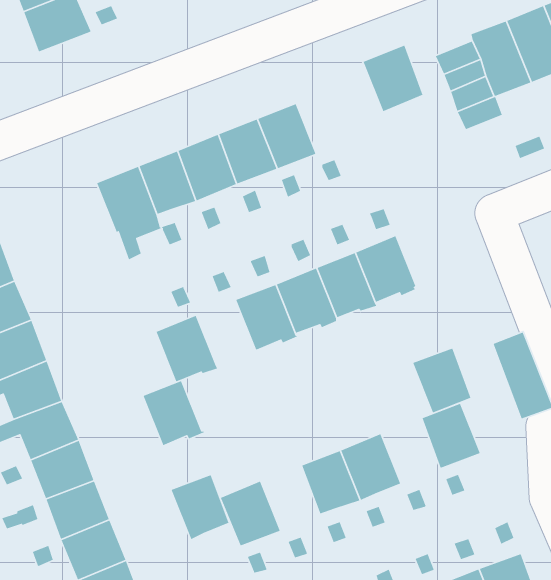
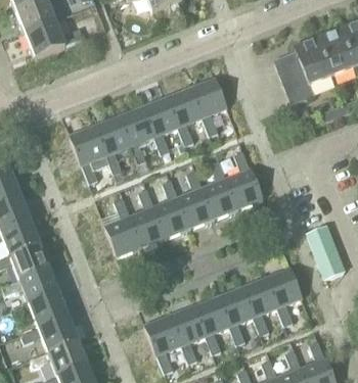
building: [363,44,424,112] -> [190,77,227,117]
building: [412,347,471,413] -> [241,277,277,317]
building: [143,380,205,446] -> [130,205,168,245]
building: [170,474,230,540] -> [169,305,205,345]

